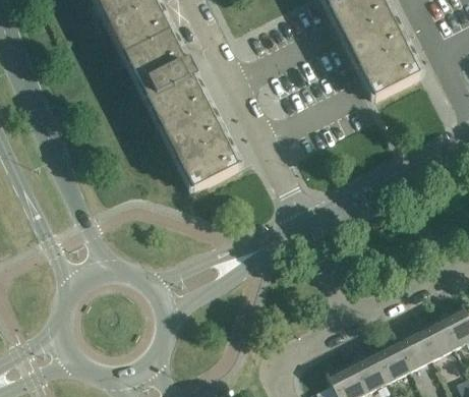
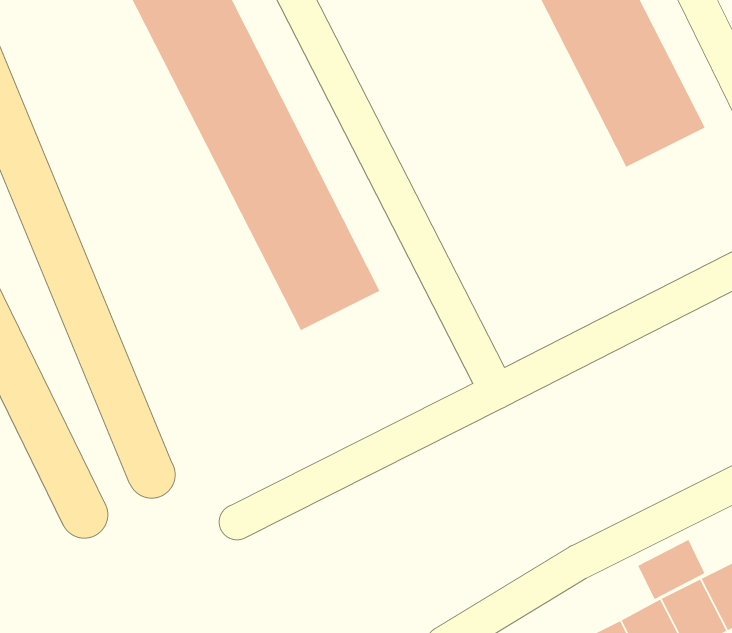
building: none -> [637,539,706,600]

